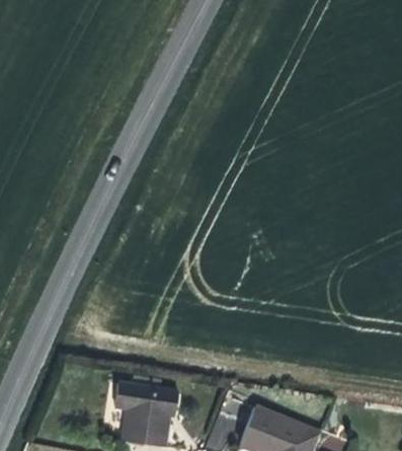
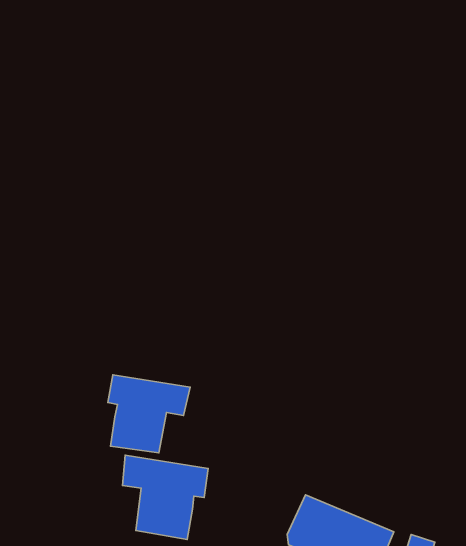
building: none -> [108,375,190,453]

